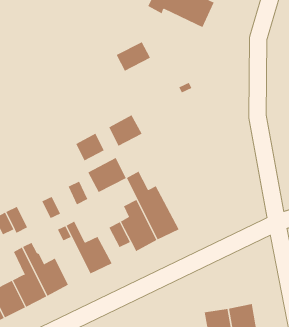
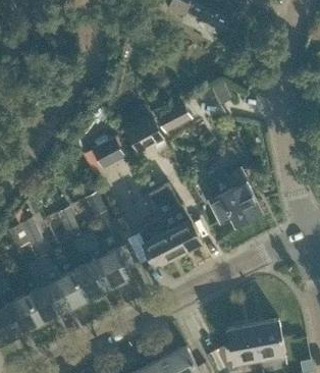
building: [116,41,151,72] -> [156,102,193,134]
building: [87,157,126,193] -> none
building: none -> [209,170,261,226]
building: none -> [71,262,108,302]

